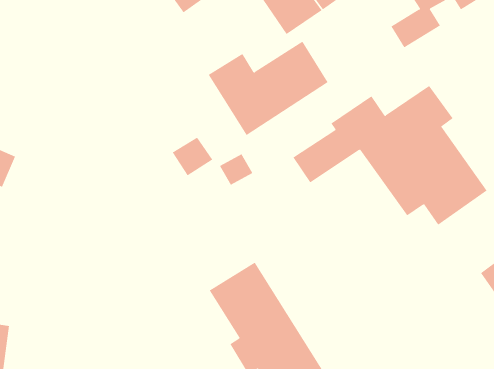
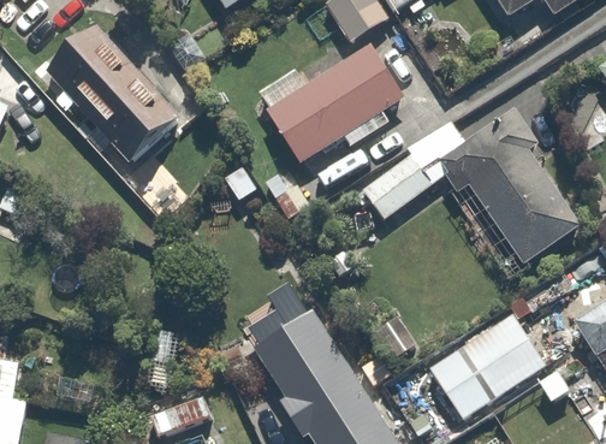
building: none -> [32,17,189,178]
building: none -> [426,310,547,421]

